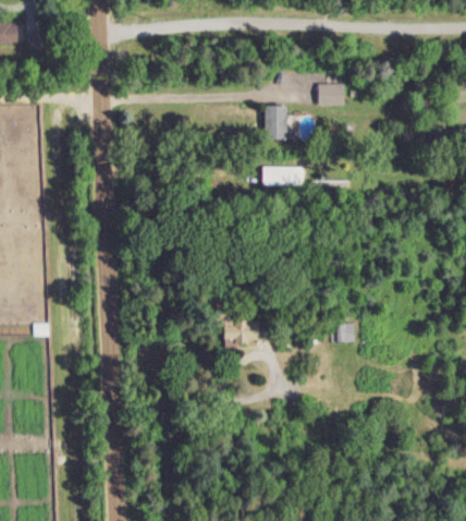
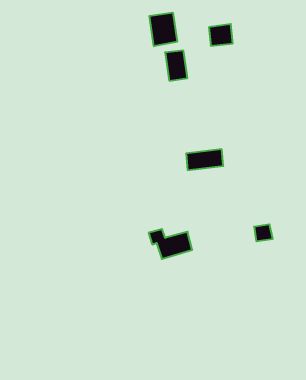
building: none -> [149,13,177,46]
building: [262,166,306,186] -> [186,149,223,170]

